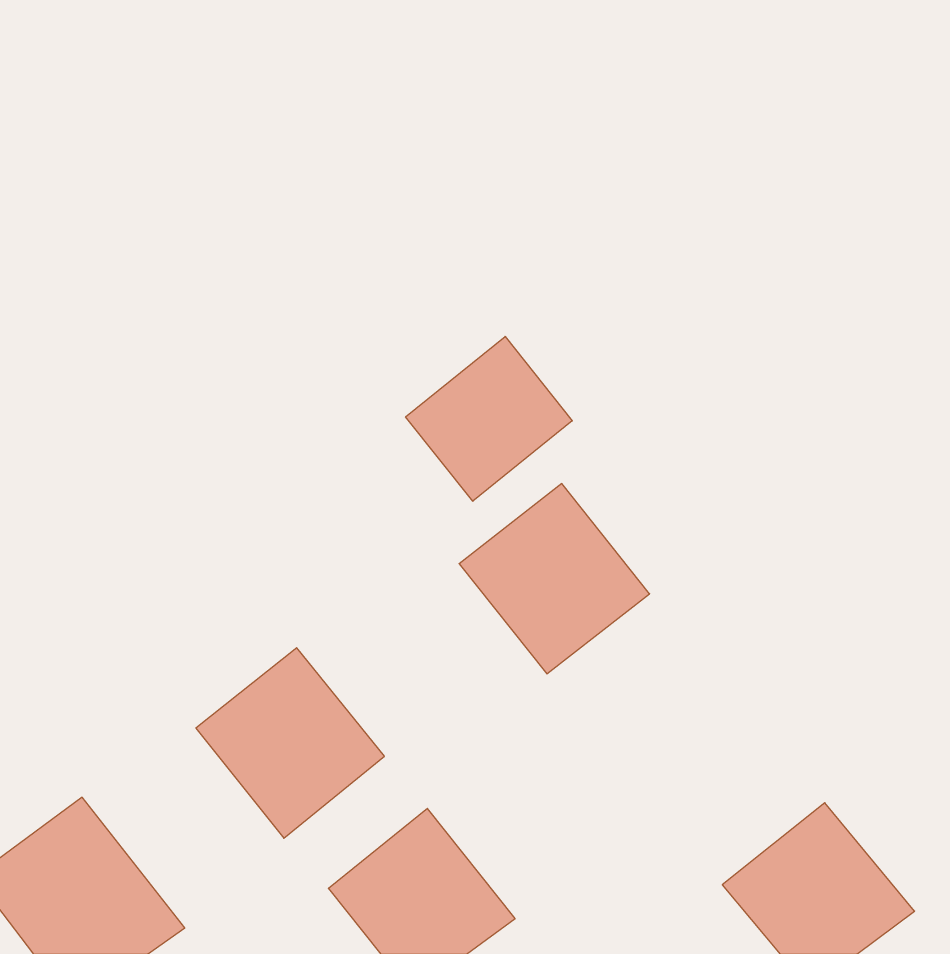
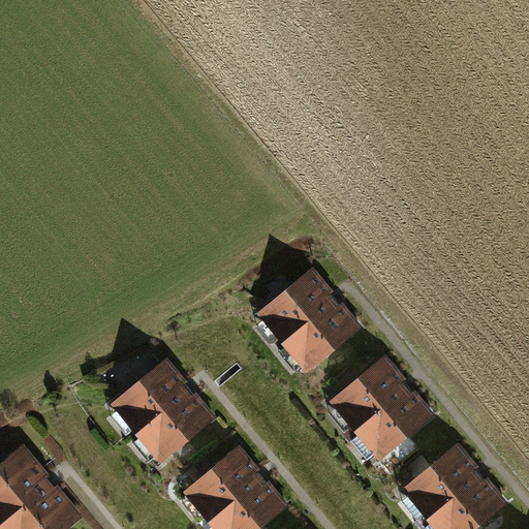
building: [406,336,572,501] -> none
building: none -> [329,356,432,461]

